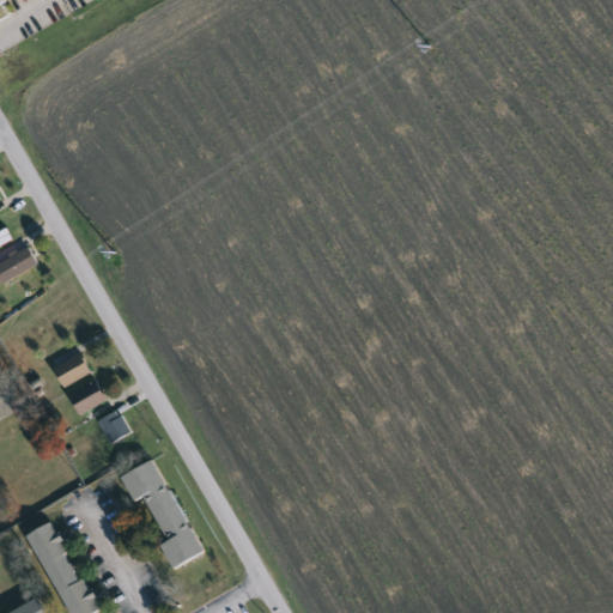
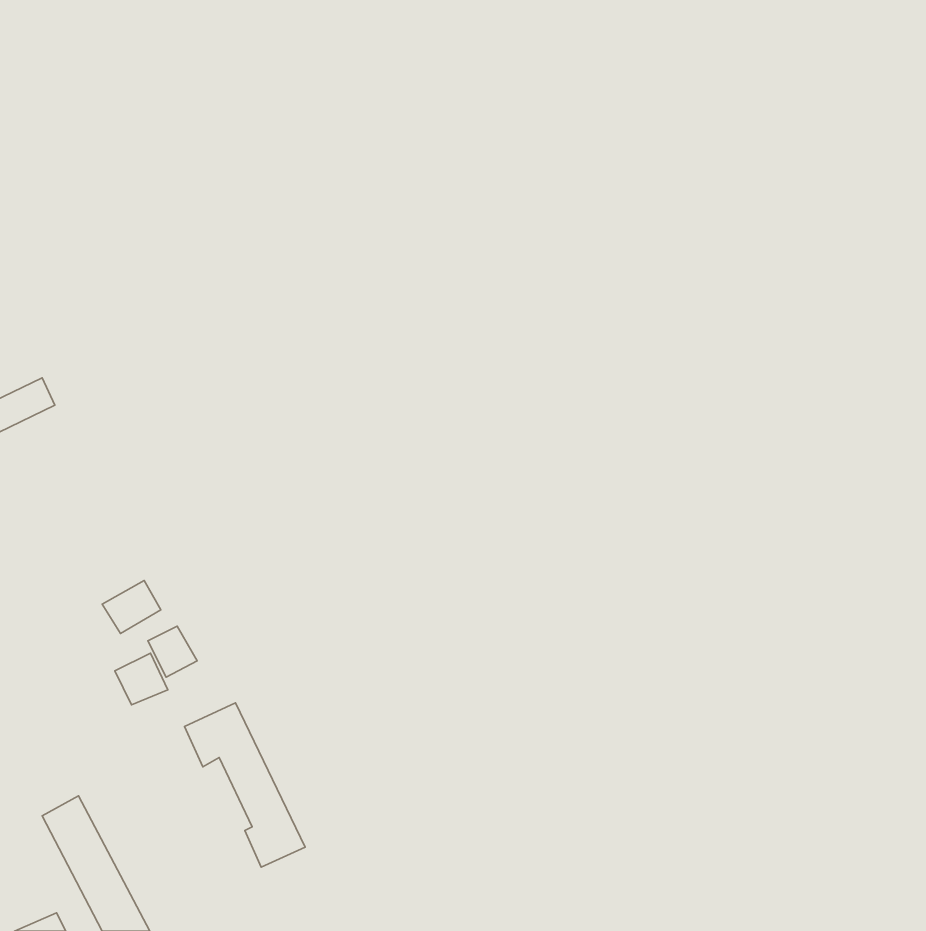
building: [51,353,90,388] -> none
building: none -> [115,653,168,705]

